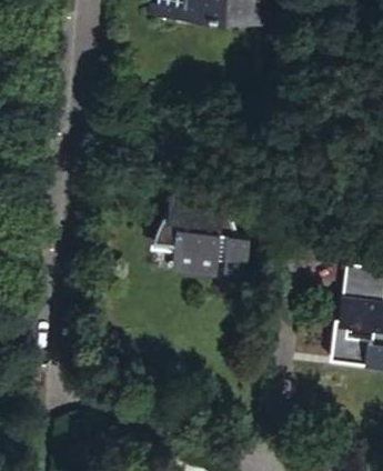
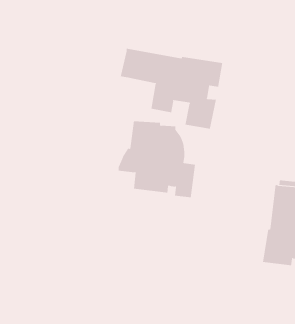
building: none -> [120,48,223,130]

